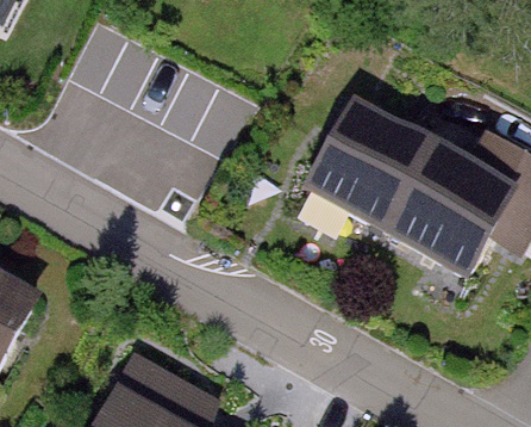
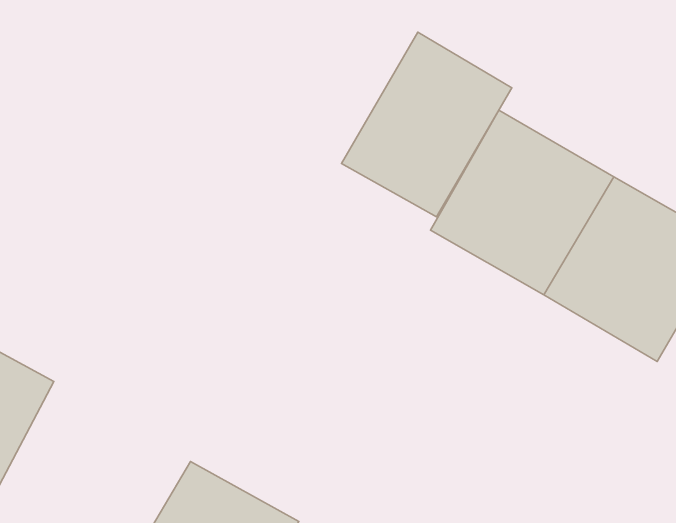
building: none -> [342,32,512,217]

